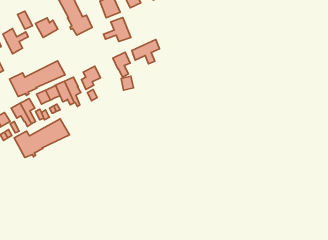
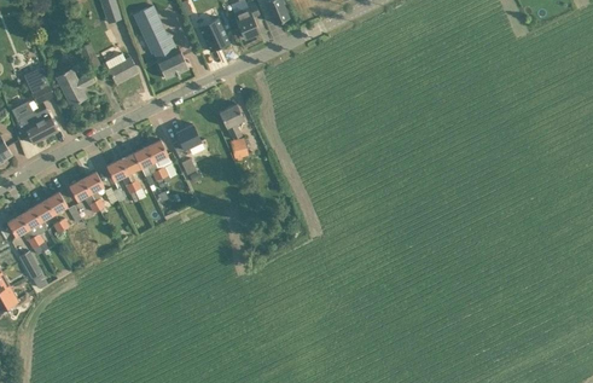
building: [104,18,131,42] -> none
building: [132,39,159,64] -> none
building: [10,61,65,96] -> none
building: [14,119,70,157] -> none

